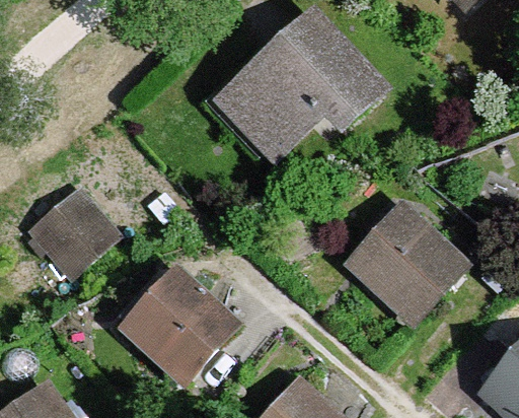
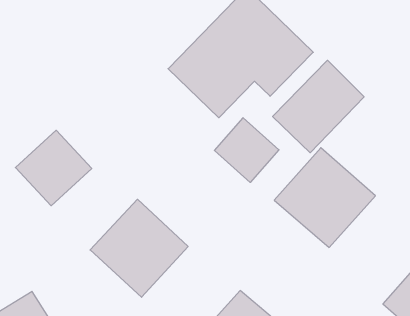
building: none -> [273,60,364,153]
building: none -> [214,118,279,182]

